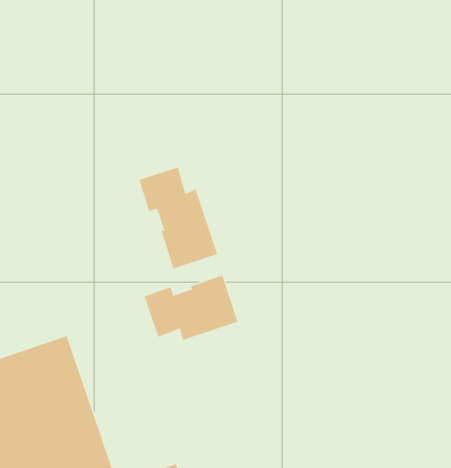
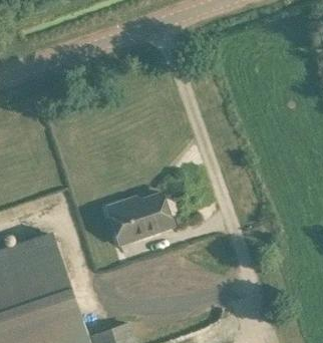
building: [138,167,218,270] -> none

